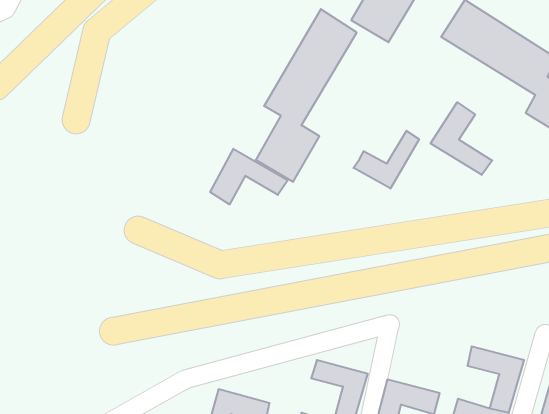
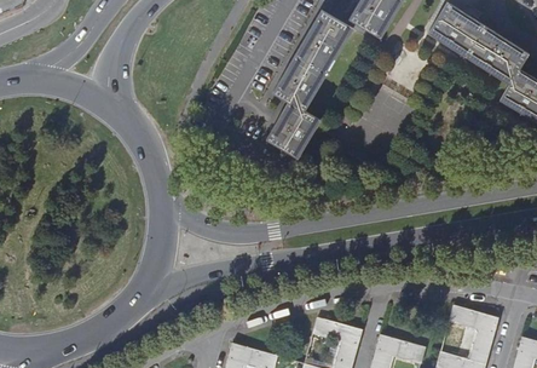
building: [431,102,492,175] -> none
building: [353,131,419,189] -> none
building: [210,149,288,204] -> none

